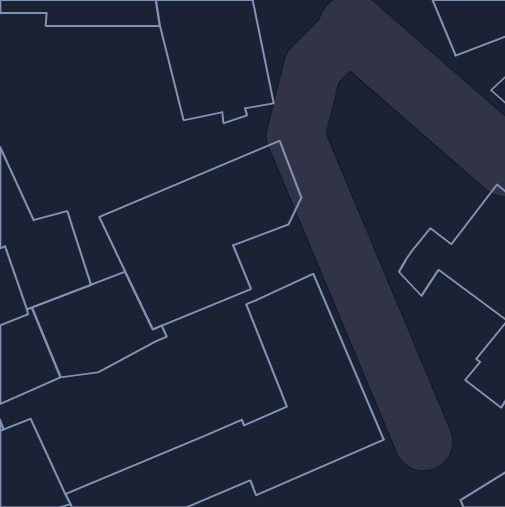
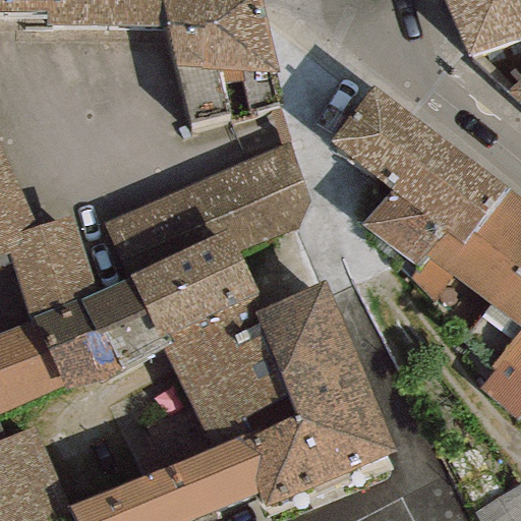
building: none -> [330,83,512,267]
building: none -> [162,296,296,448]

